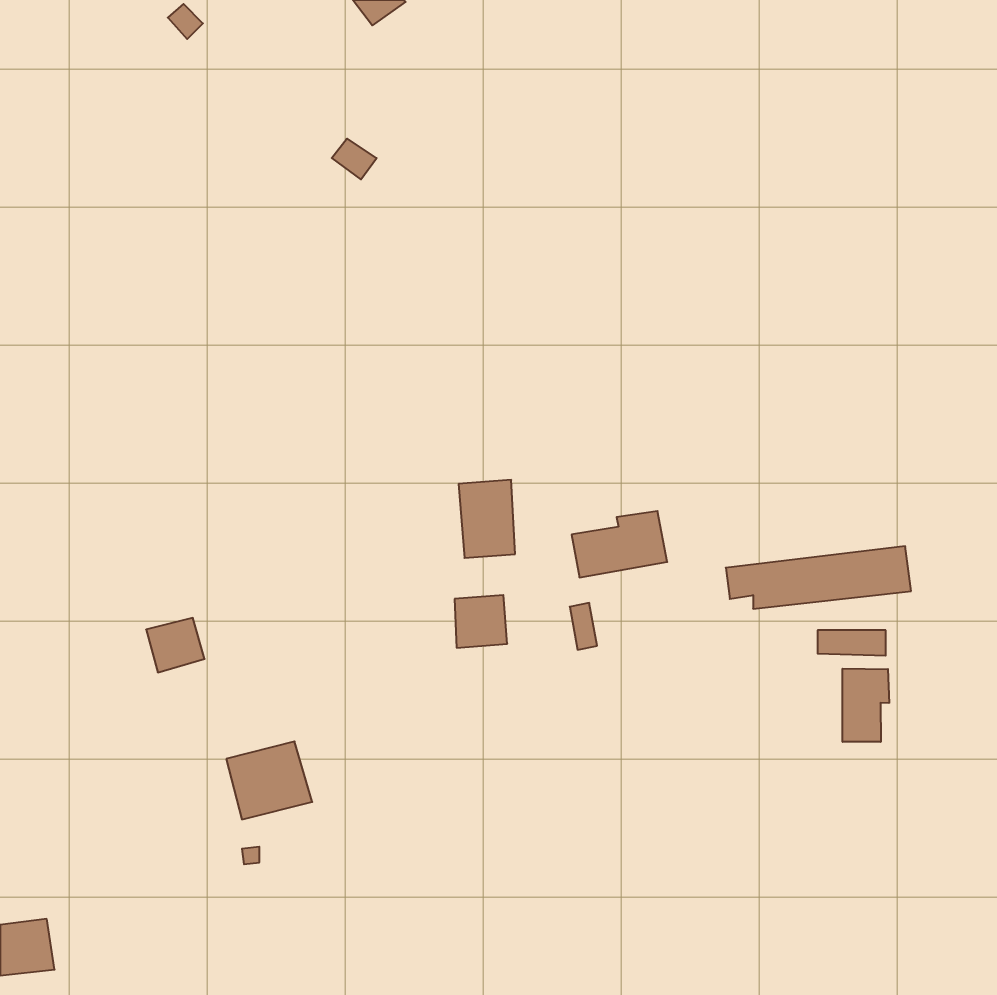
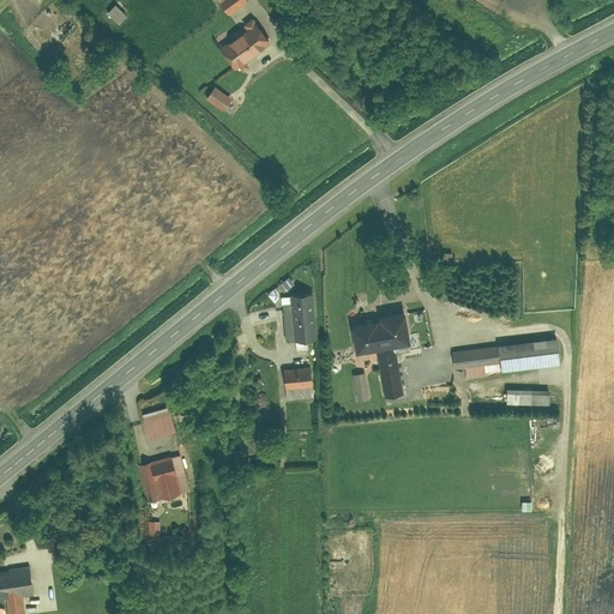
building: none -> [222,20,269,74]
building: [146,618,205,672] -> [140,409,176,443]
building: [843,669,889,742] -> none

